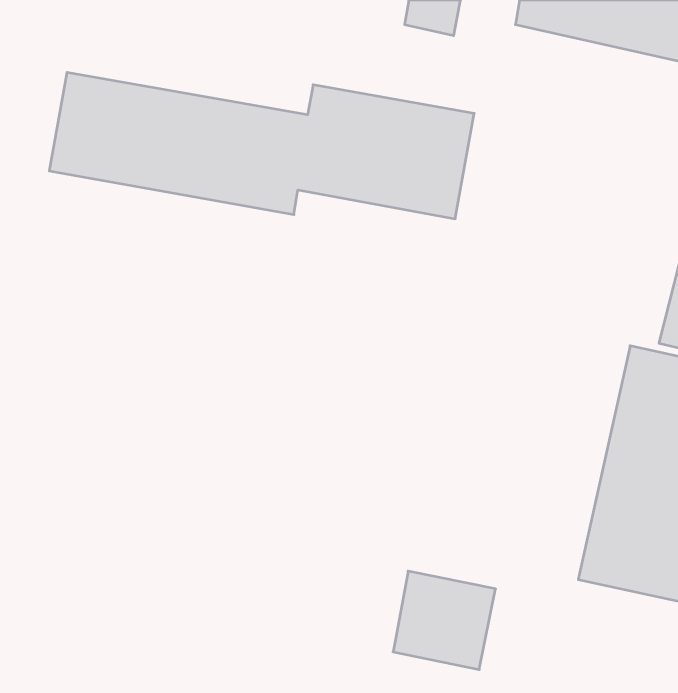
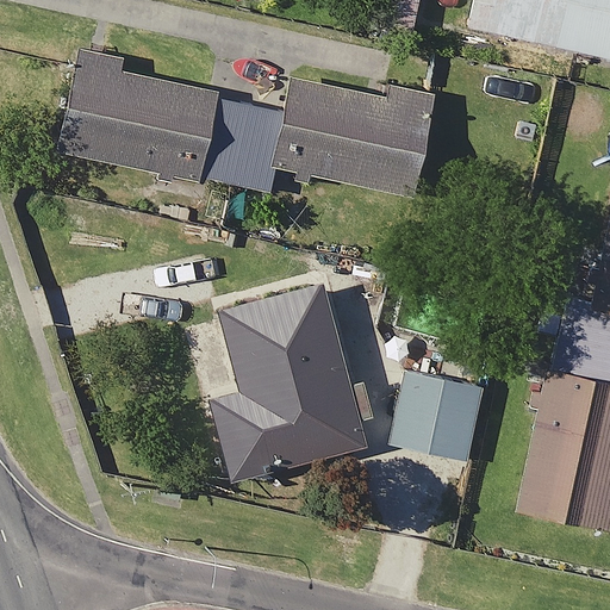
building: none -> [206,287,375,479]
building: [393,571,496,670] -> [396,374,485,460]

